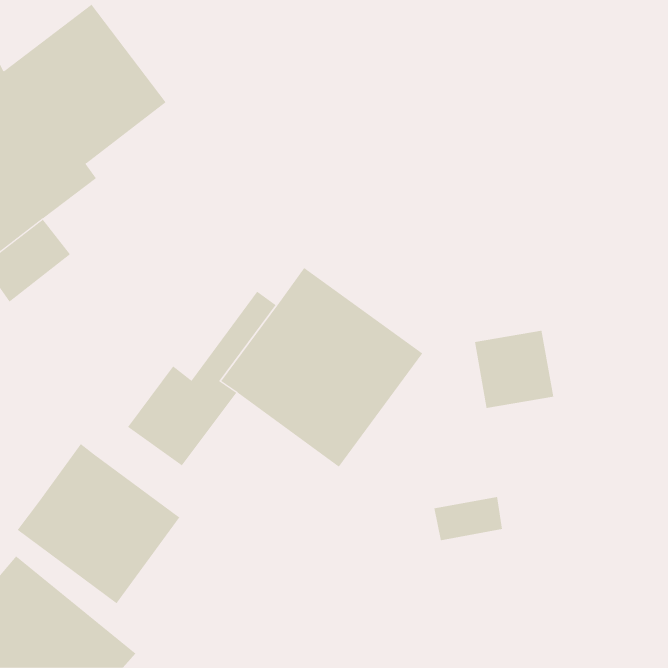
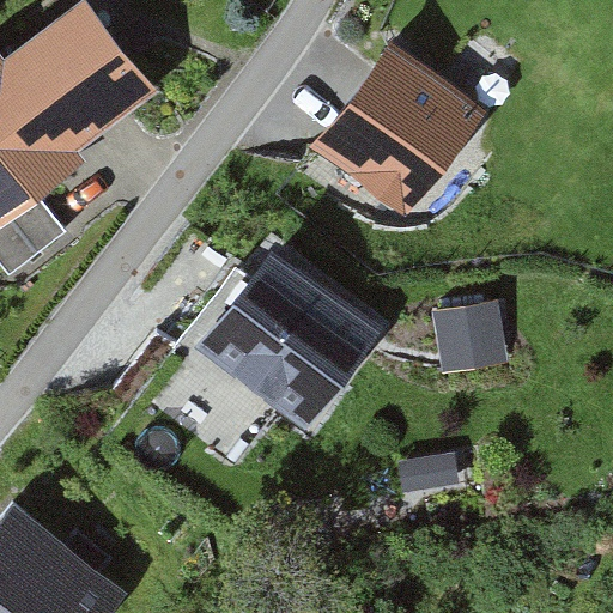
building: none -> [314,44,484,217]
building: [17,443,180,604] -> none

